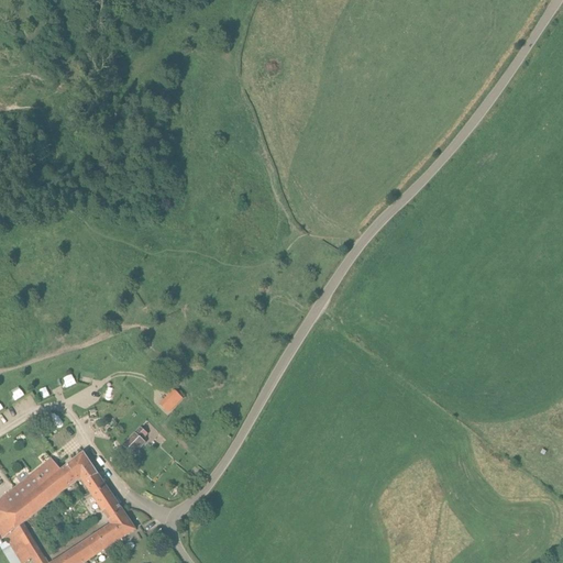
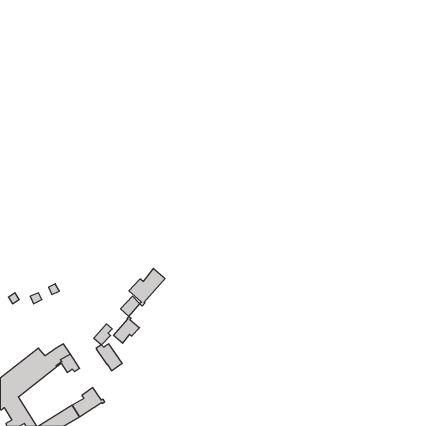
building: none -> [129,268,165,306]
building: none -> [114,316,140,343]
building: [88,484,122,519] -> [96,344,122,371]

